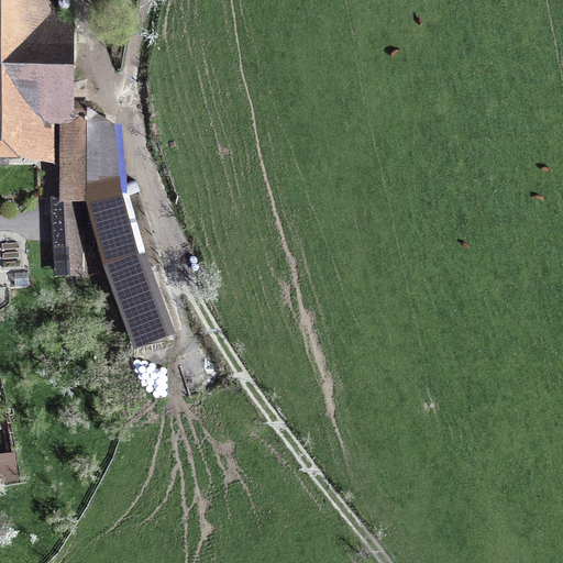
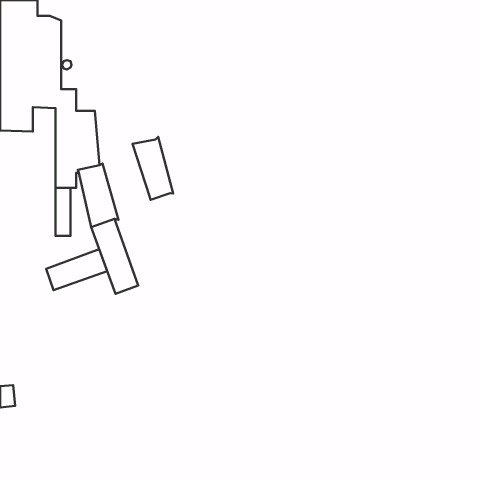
building: none -> [133,137,173,200]
building: none -> [46,249,107,290]

